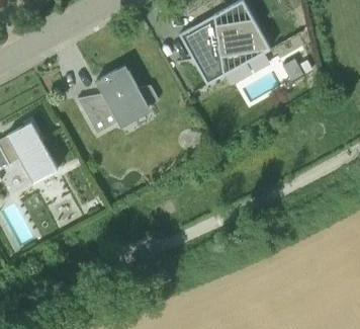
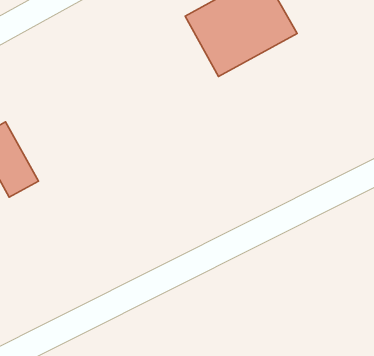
building: [77,64,158,133] -> none

